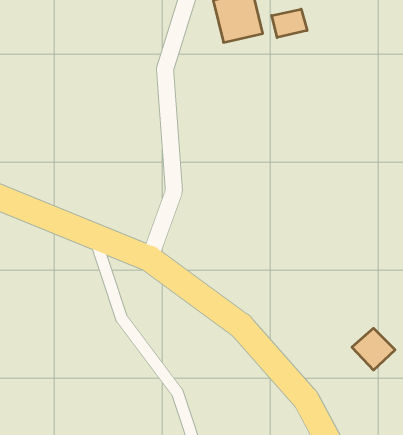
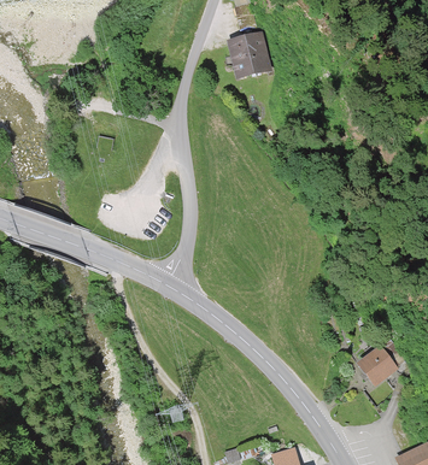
building: [272,9,307,38] -> none

